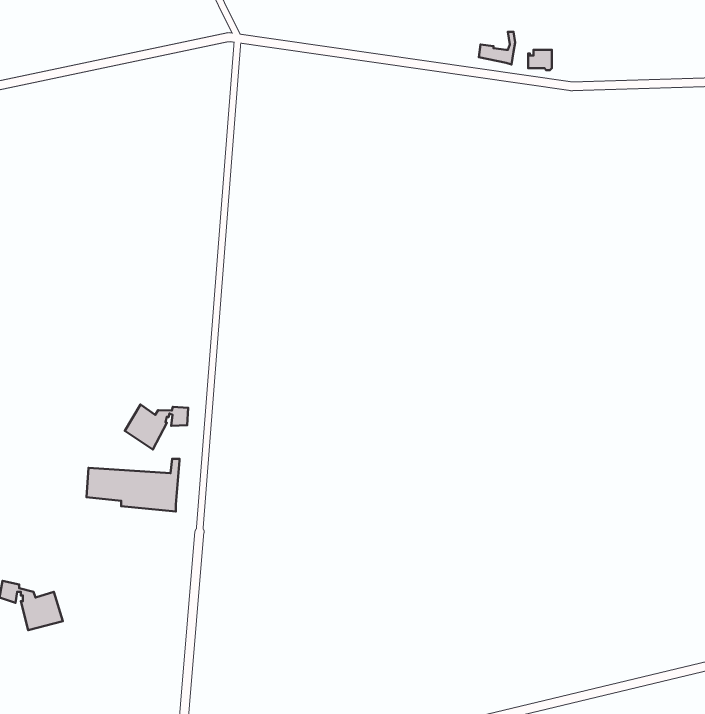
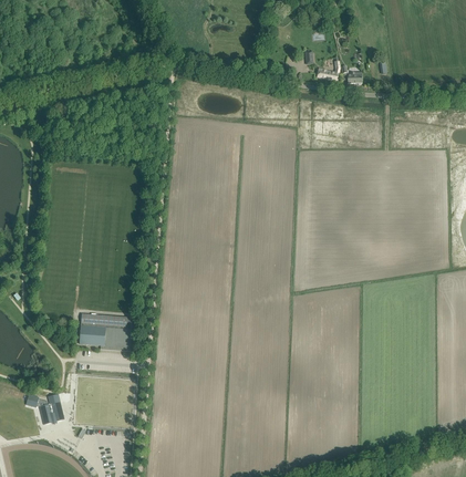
building: [125,404,188,449] -> none

